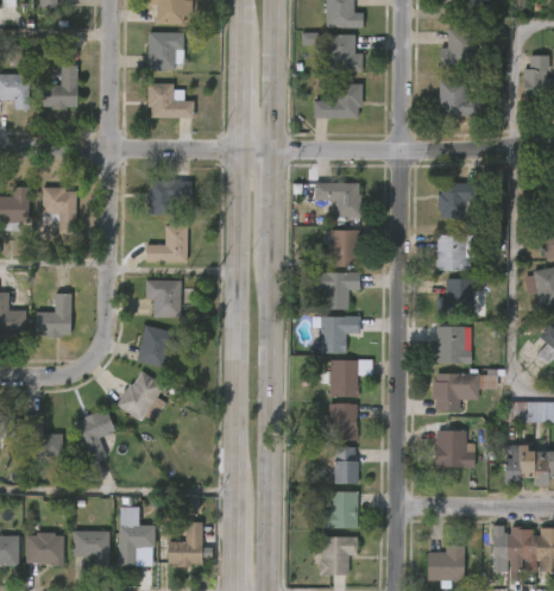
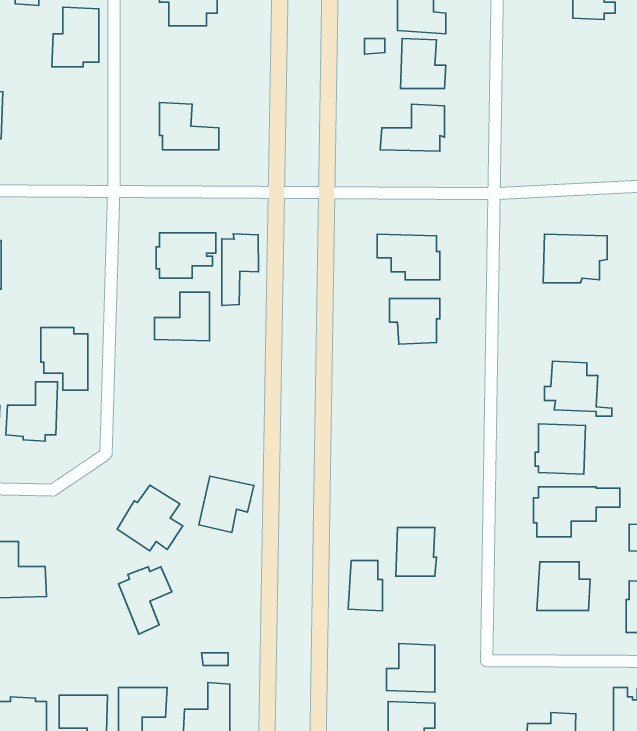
building: [443,29,480,67] -> none
building: [147,31,183,69] -> none
building: [42,63,77,108] -> [52,7,99,67]
building: [442,80,490,115] -> none
building: none -> [222,234,259,306]
building: [40,186,76,233] -> [41,328,88,390]
building: [437,233,476,270] -> none
building: [304,271,361,309] -> none
building: [145,278,182,315] -> none
building: [320,315,360,352] -> none
building: [137,323,178,366] -> [199,476,254,533]
building: [321,359,359,396] -> none
building: [75,410,115,461] -> [119,567,172,634]
building: [333,446,359,484] -> [348,561,382,611]

